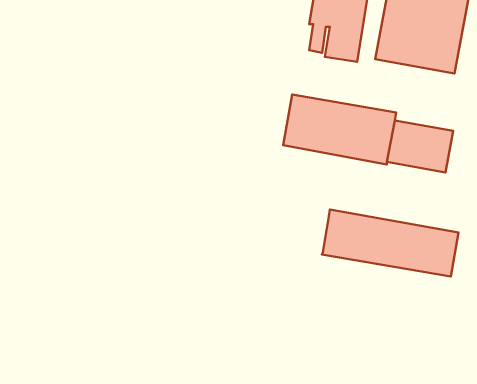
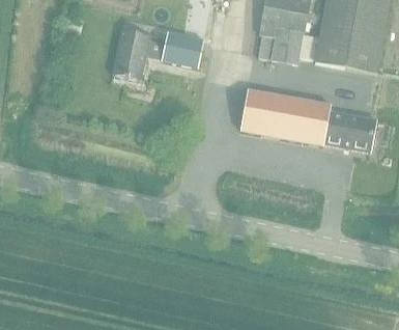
building: none -> [112,28,203,78]
building: [322,209,458,277] -> none

